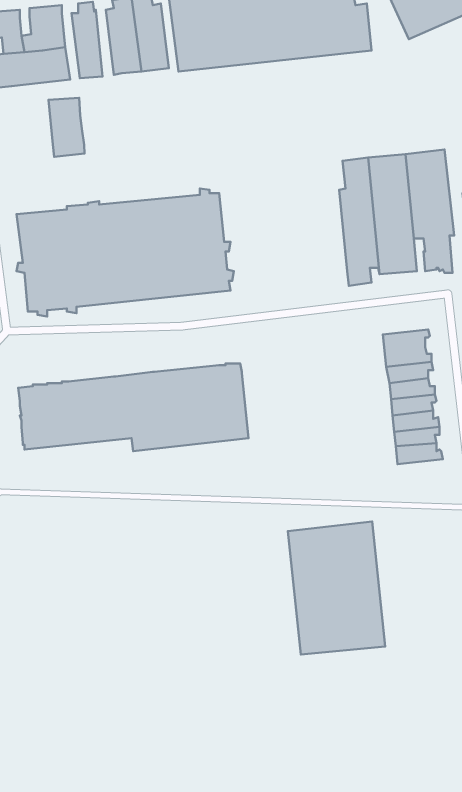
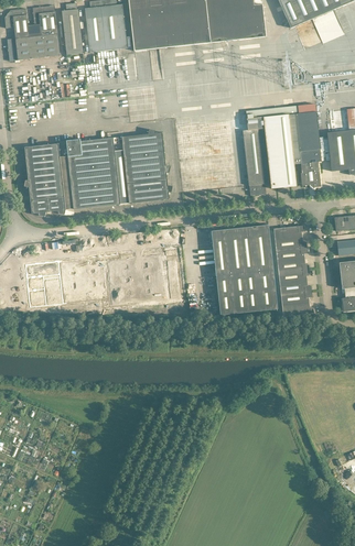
building: [48,98,85,157] -> none
building: [288,522,385,655] -> [212,223,278,314]

